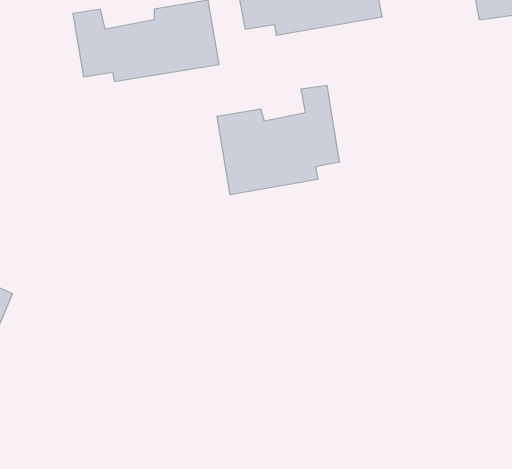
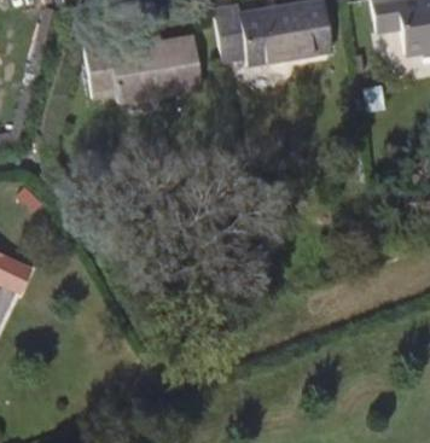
building: [217,85,339,195] -> none

